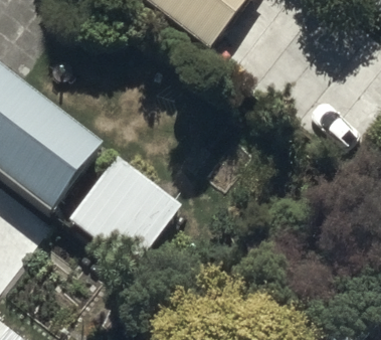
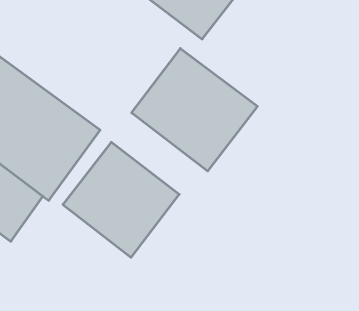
building: none -> [132,48,257,171]

